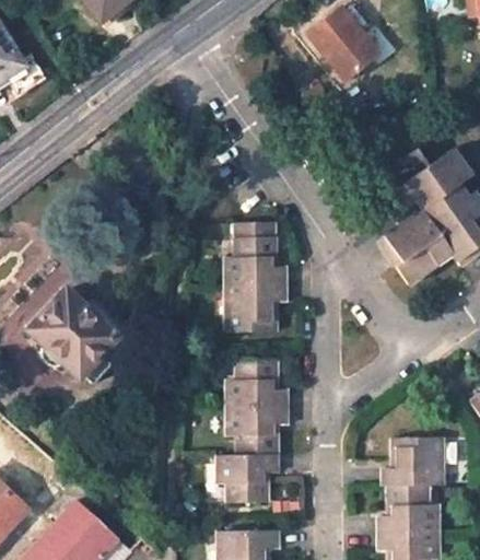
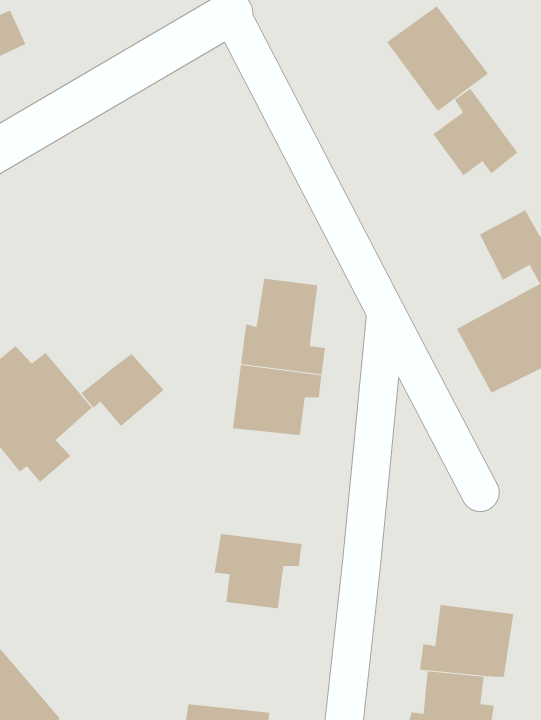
building: none -> [433,88,518,176]
building: none -> [80,353,164,427]
building: [227,359,288,407] -> none
building: [216,455,276,503] -> none

